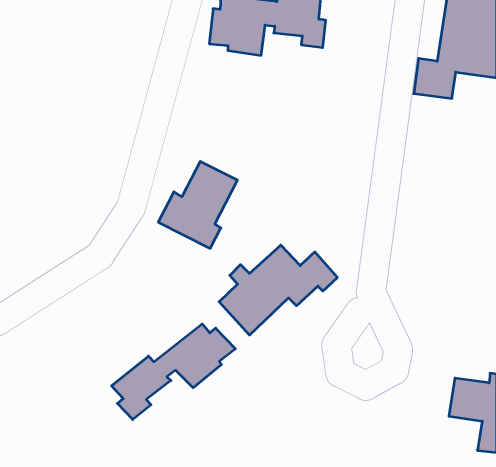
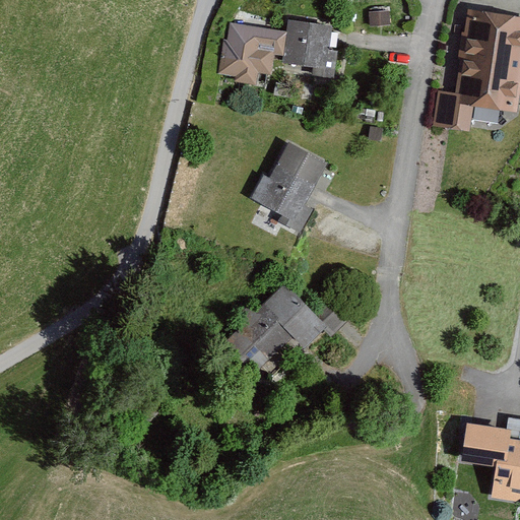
building: [158,161,237,248] -> [249,141,331,232]
building: [112,324,235,420] -> none

